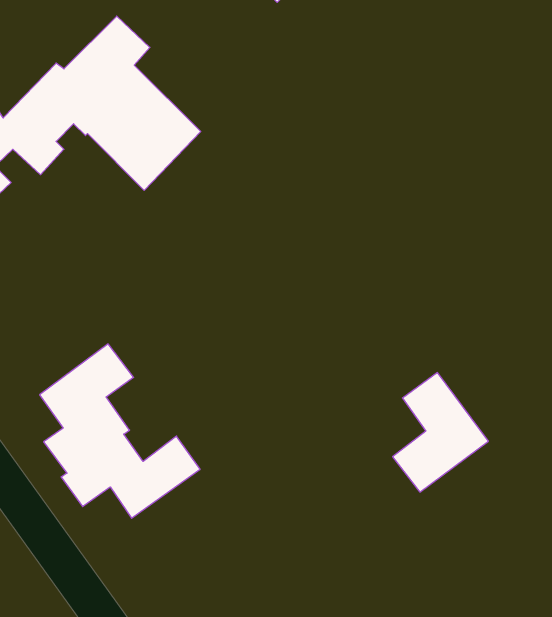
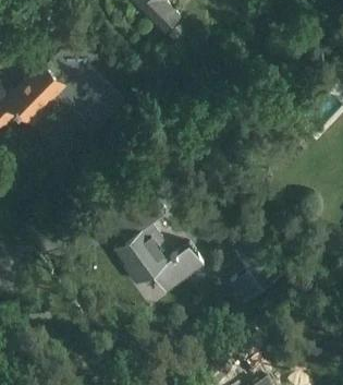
building: [40,344,200,518] -> [113,195,203,292]

